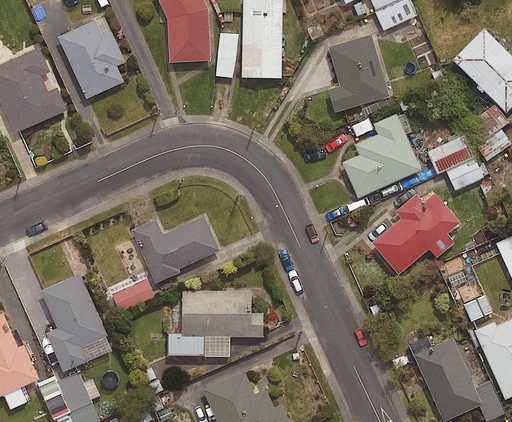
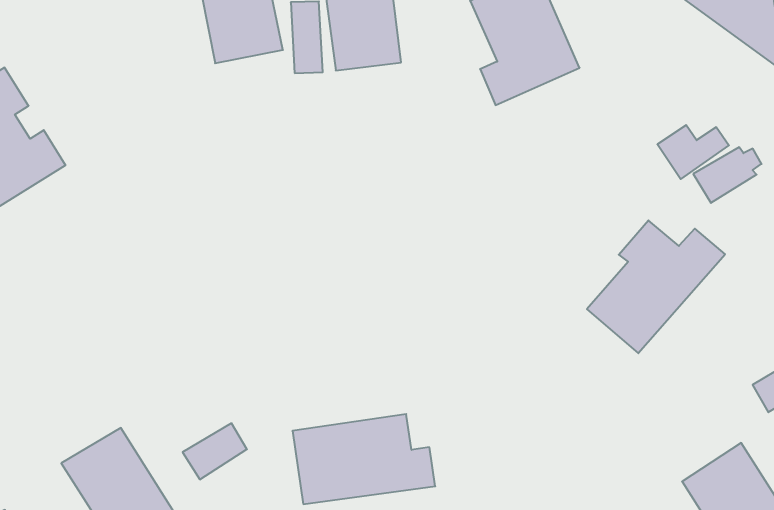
building: [61,19,128,97] -> none
building: [342,113,421,198] -> none
building: [132,215,220,282] -> none

